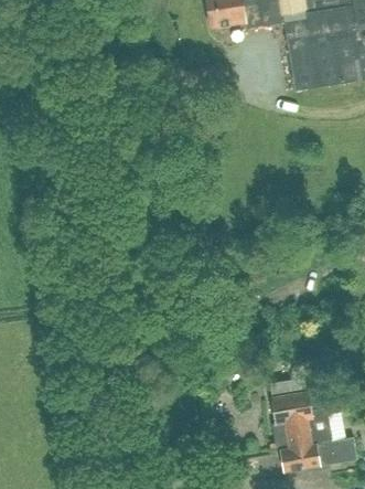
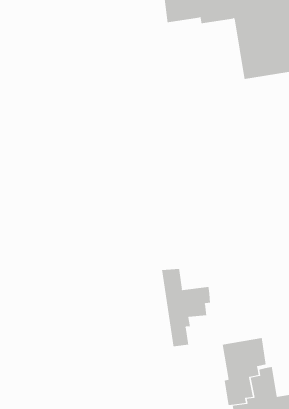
building: none -> [162,268,211,347]

